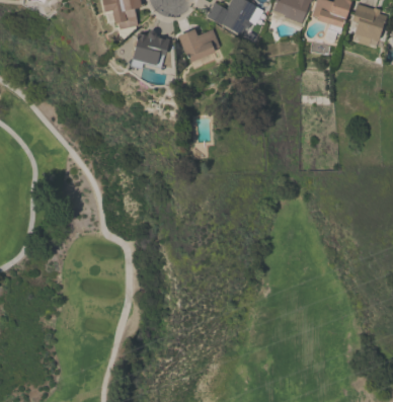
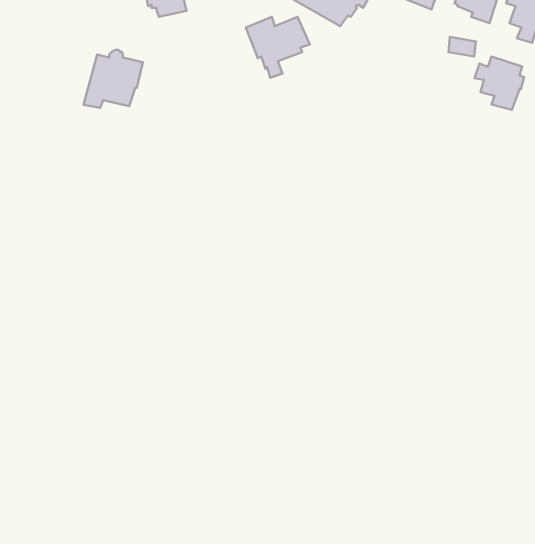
building: [131,29,170,68] -> [83,50,143,108]
building: none -> [475,57,524,110]

